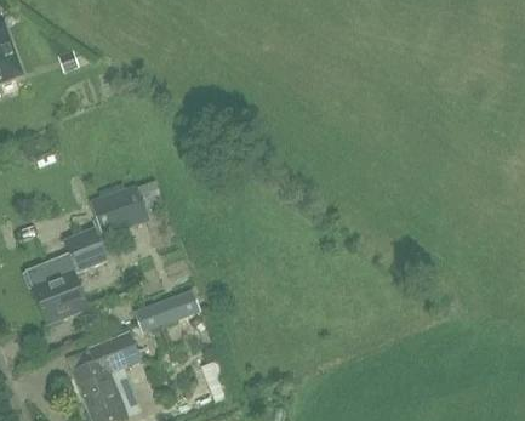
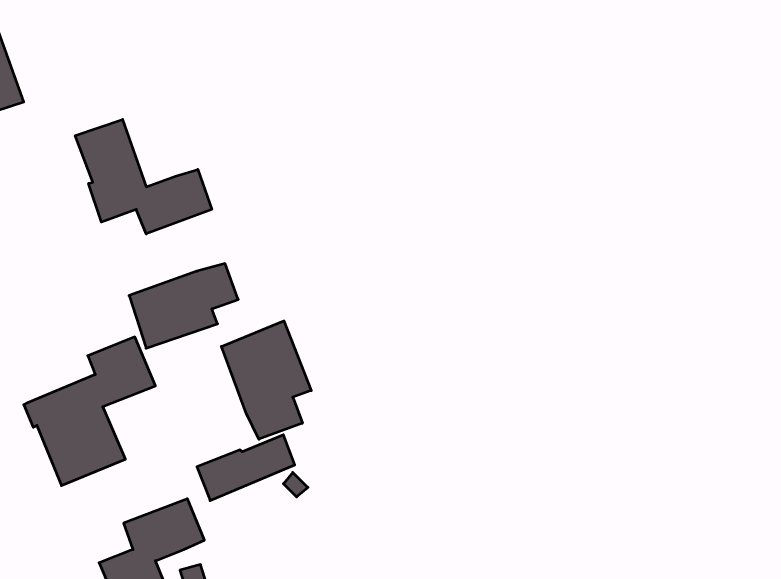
building: none -> [75,119,212,234]
building: none -> [221,321,311,439]

